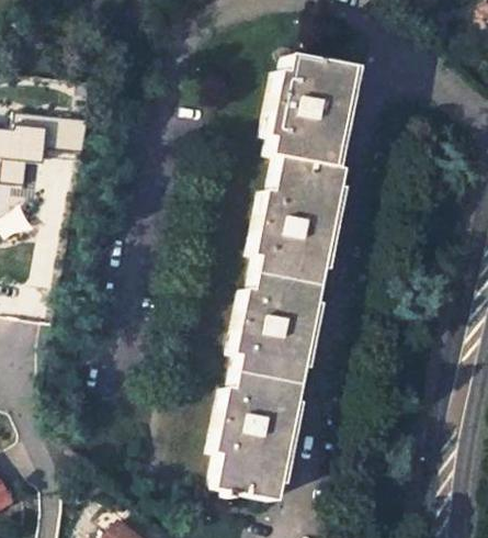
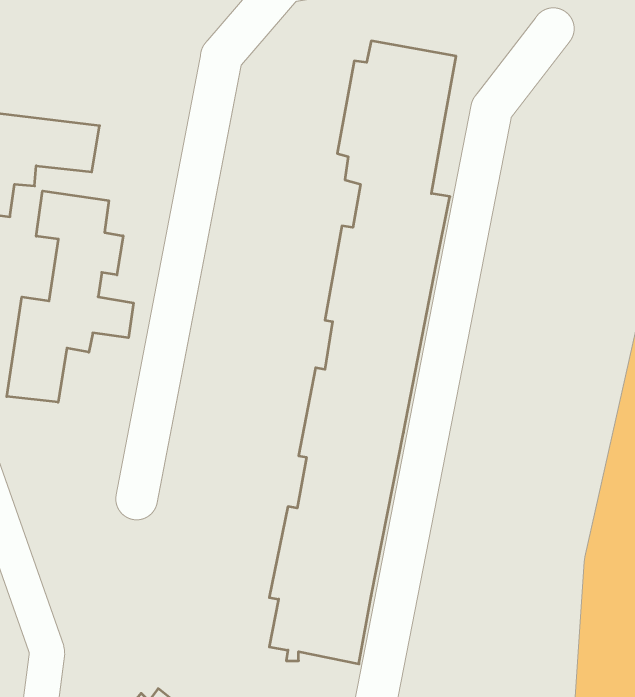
building: none -> [7,191,133,402]

